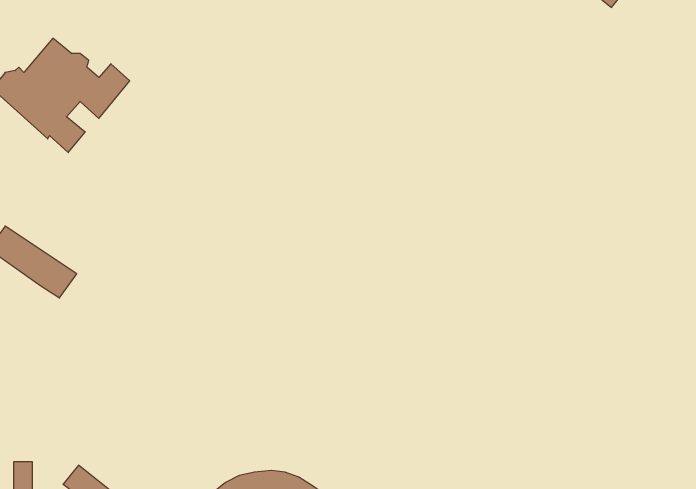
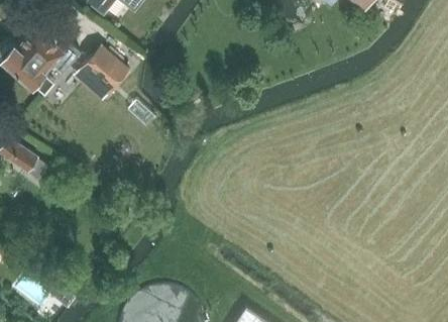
building: none -> [73,45,128,102]

